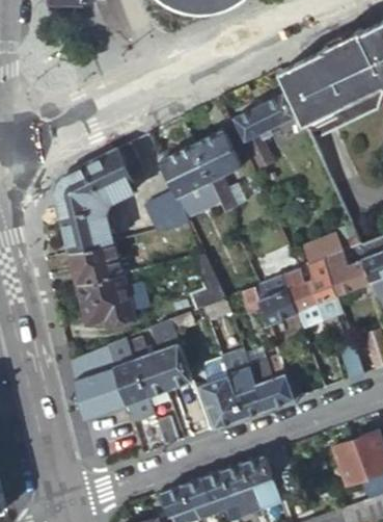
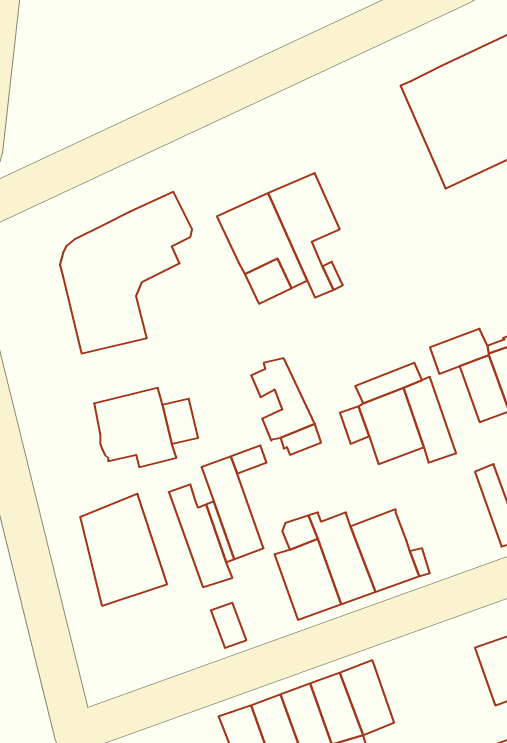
building: [235,94,296,169] -> none
building: [144,190,190,230] -> none
building: [70,240,120,284] -> none
building: [302,259,339,317] -> none
building: [107,337,153,421] -> none

